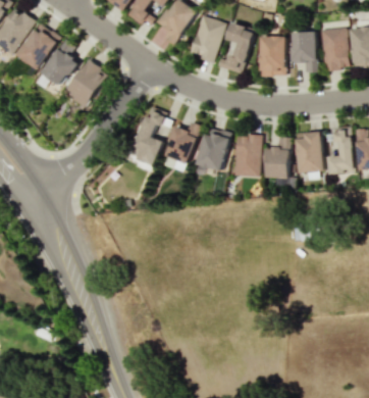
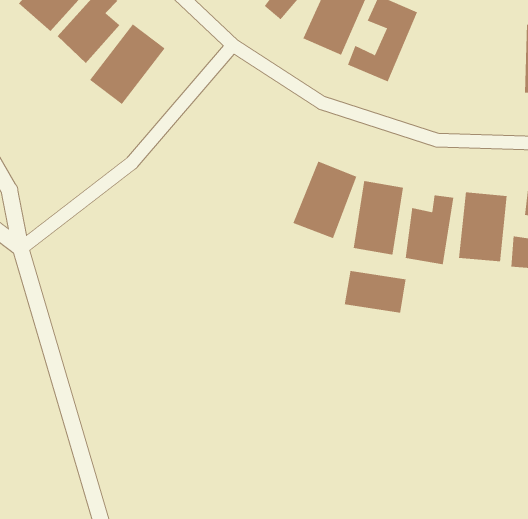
building: [291,31,316,72] -> none
building: [259,36,285,76] -> none
building: [134,105,164,165] -> none
building: [163,120,202,163] -> none
building: none -> [344,270,406,314]

